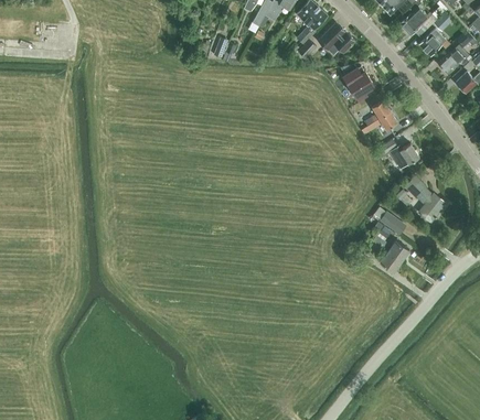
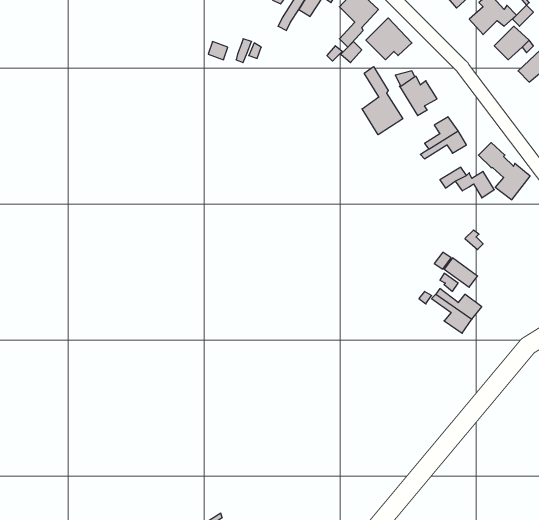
building: none -> [362,67,403,135]
building: [405,176,446,222] -> [478,143,530,200]

